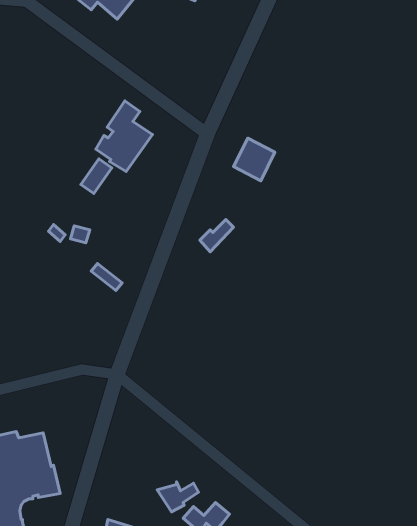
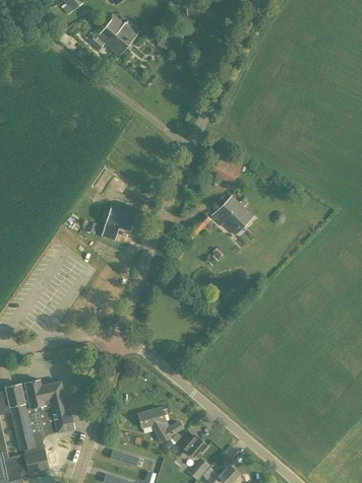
building: [96,101,152,172] -> none
building: none -> [215,196,253,233]
building: none -> [102,205,136,239]
building: none -> [138,406,166,427]

